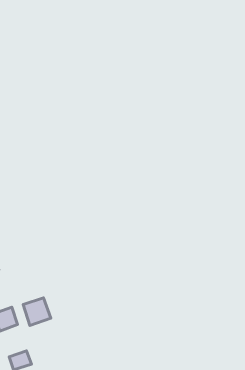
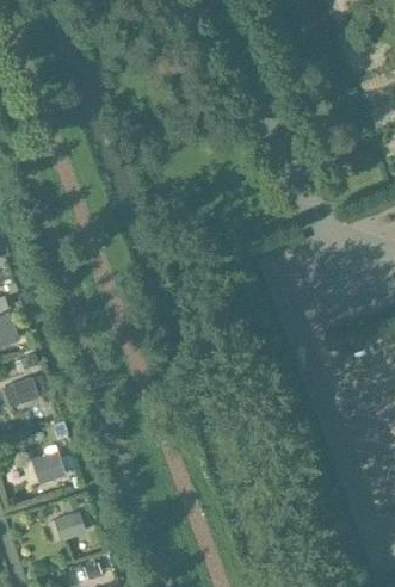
building: [23,298,51,325] -> none

